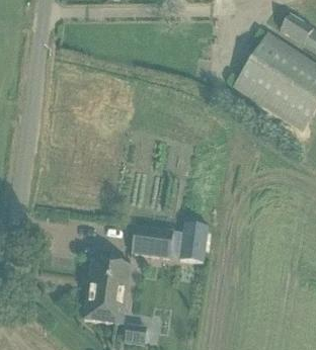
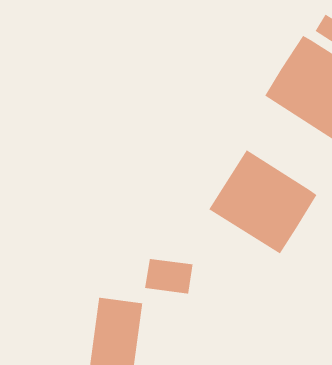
building: none -> [208,149,318,254]
building: [179,222,207,261] -> none

